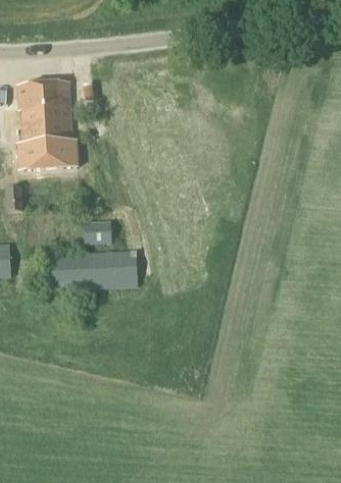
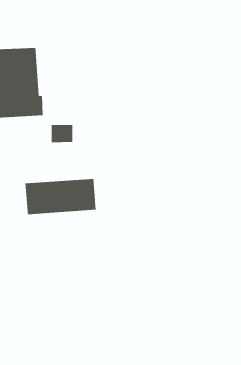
building: [85,221,112,245] -> [51,124,73,143]

